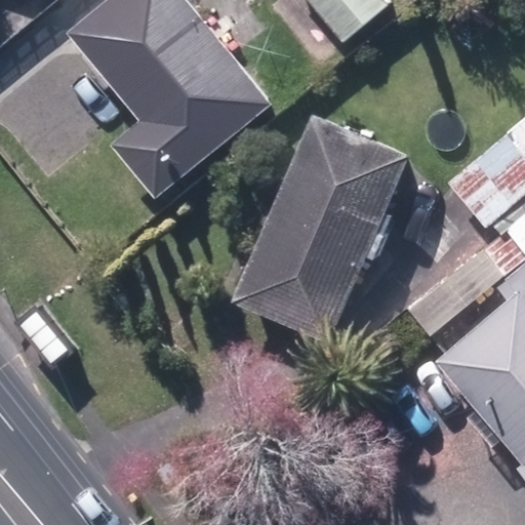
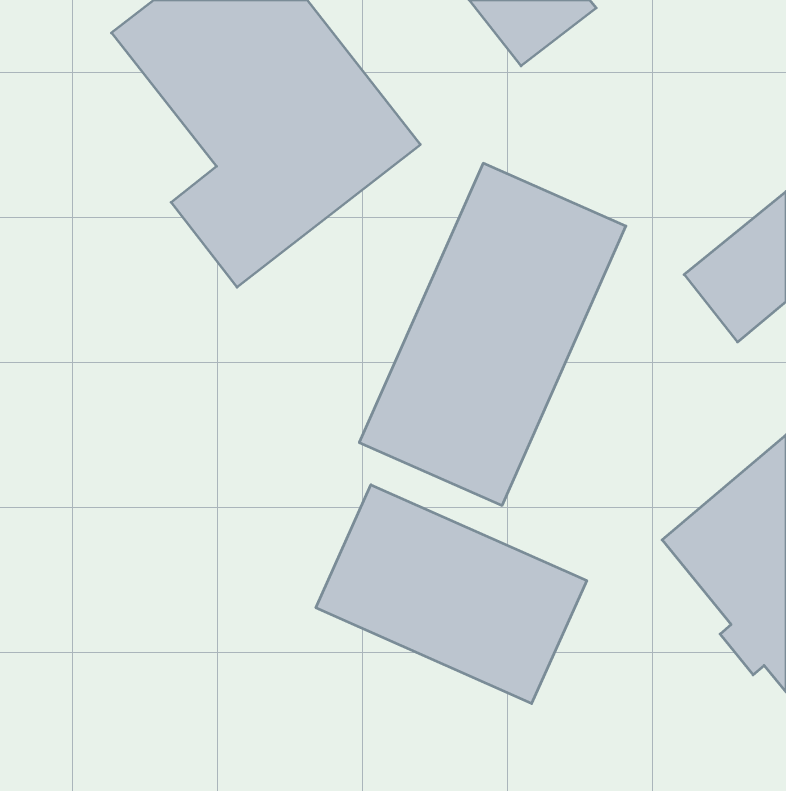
building: none -> [316,485,587,704]

